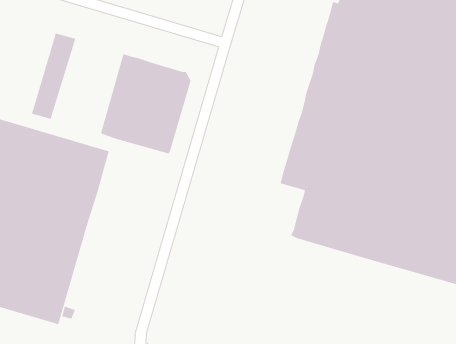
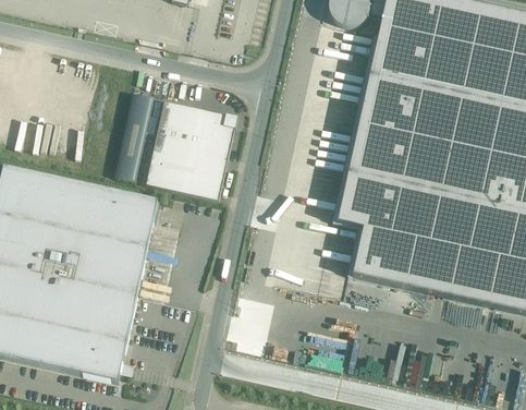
building: [31,33,76,119] -> [115,92,156,180]

